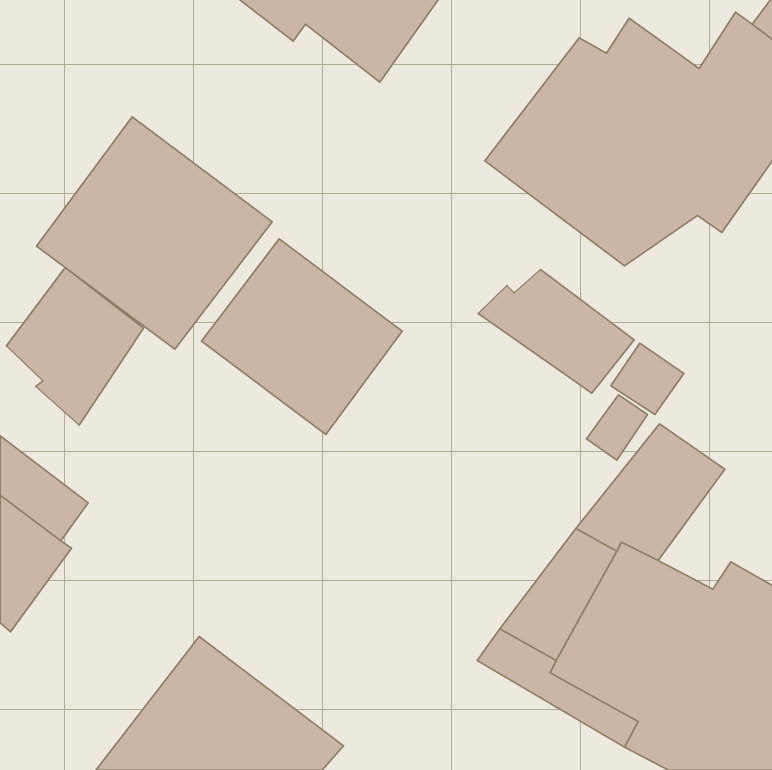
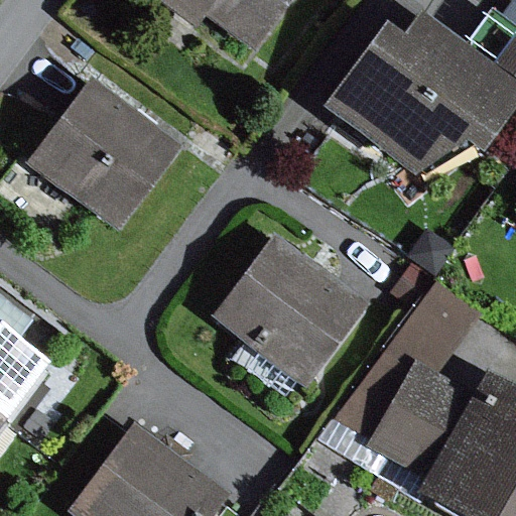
building: [202,239,402,434] -> none
building: [6,268,144,425] -> none
building: [478,270,634,393] -> none
building: none -> [211,232,370,387]

